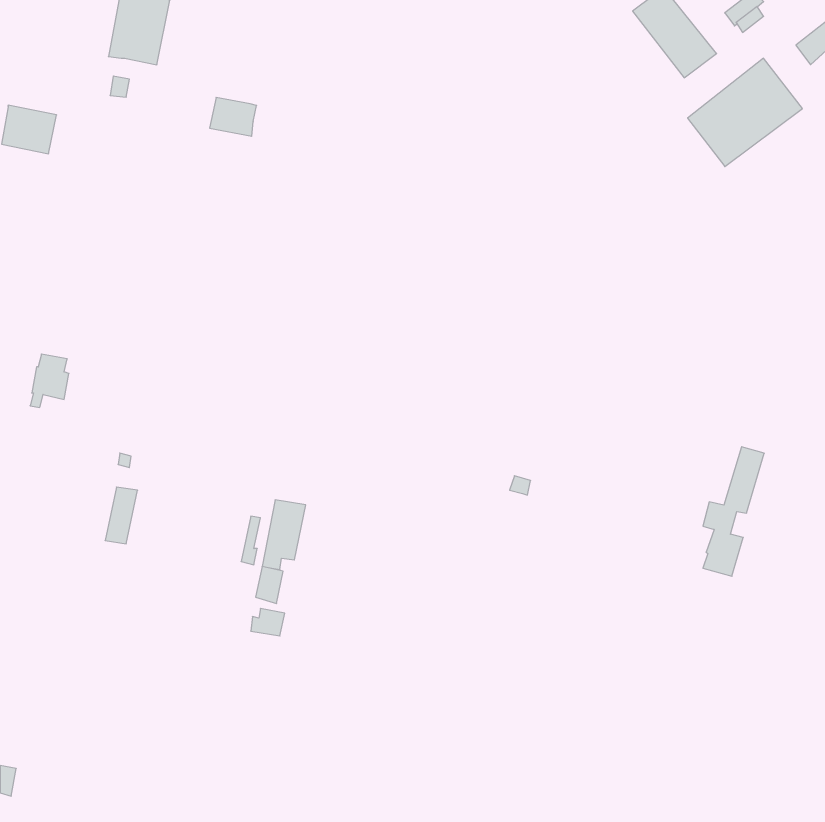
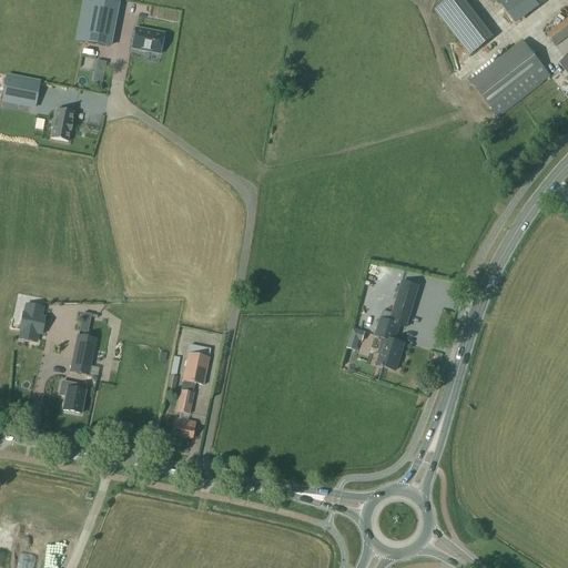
building: [210,97,257,136] -> [132,26,164,52]
building: none -> [51,108,74,140]
building: [30,354,69,407] -> [19,302,45,338]
building: [703,447,764,576] -> [377,280,419,368]
building: none -> [60,381,87,412]

